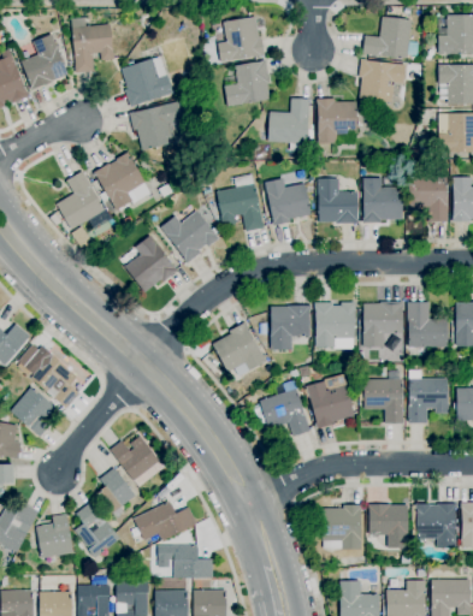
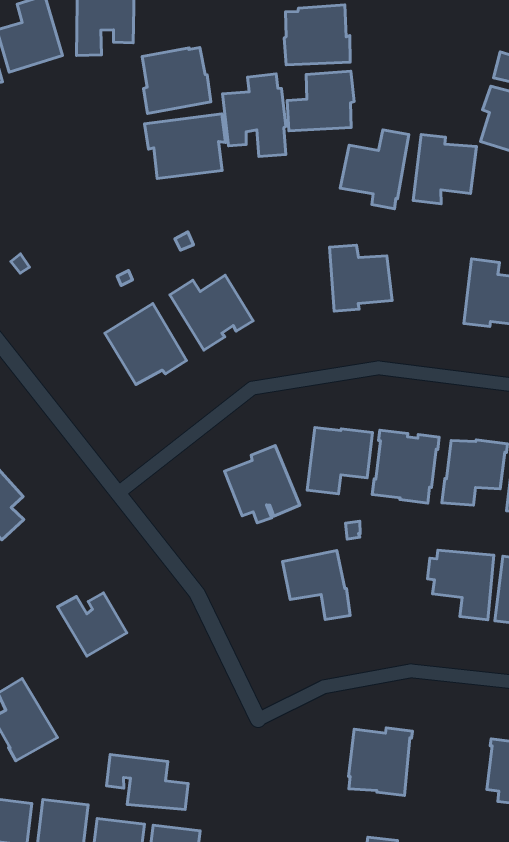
building: [95,153,152,211] -> none
building: [58,172,116,249] -> none
building: [217,174,265,232] -> [222,74,286,157]
building: [319,179,357,224] -> none
building: [307,381,355,430] -> none
building: [95,468,137,516] -> none
building: [135,502,199,541] -> none
building: [369,504,409,549] -> none

